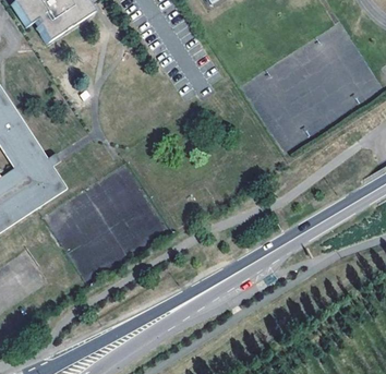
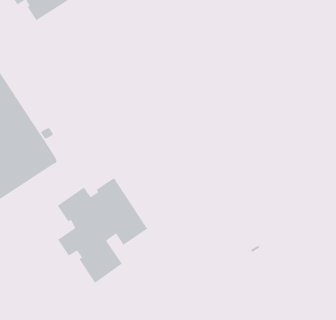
building: none -> [57,177,148,284]

